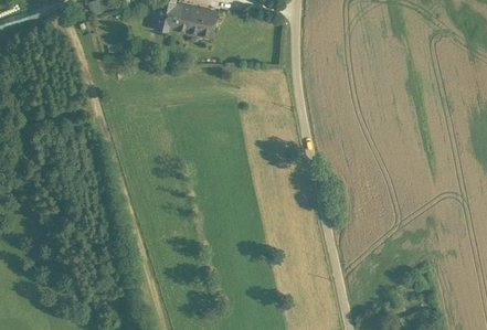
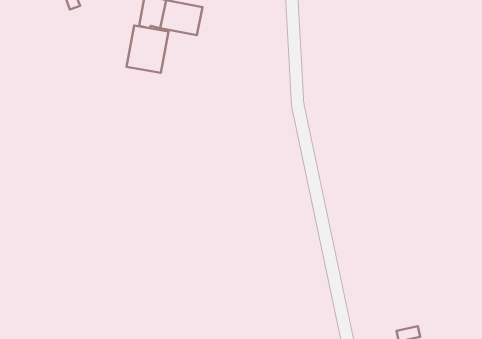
building: none -> [127,26,169,73]

